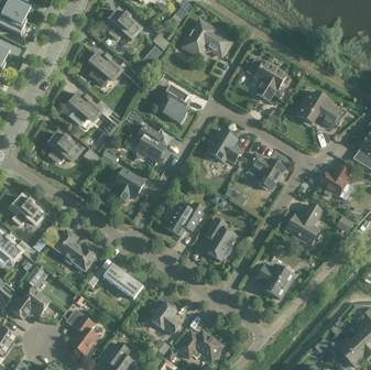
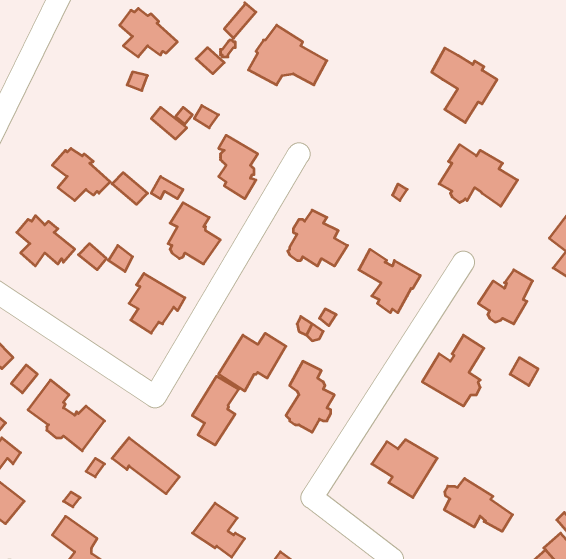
building: [86,52,120,80] -> none
building: [247,56,285,100] -> [432,48,497,123]
building: none -> [192,376,239,445]
building: none -> [444,478,513,531]

